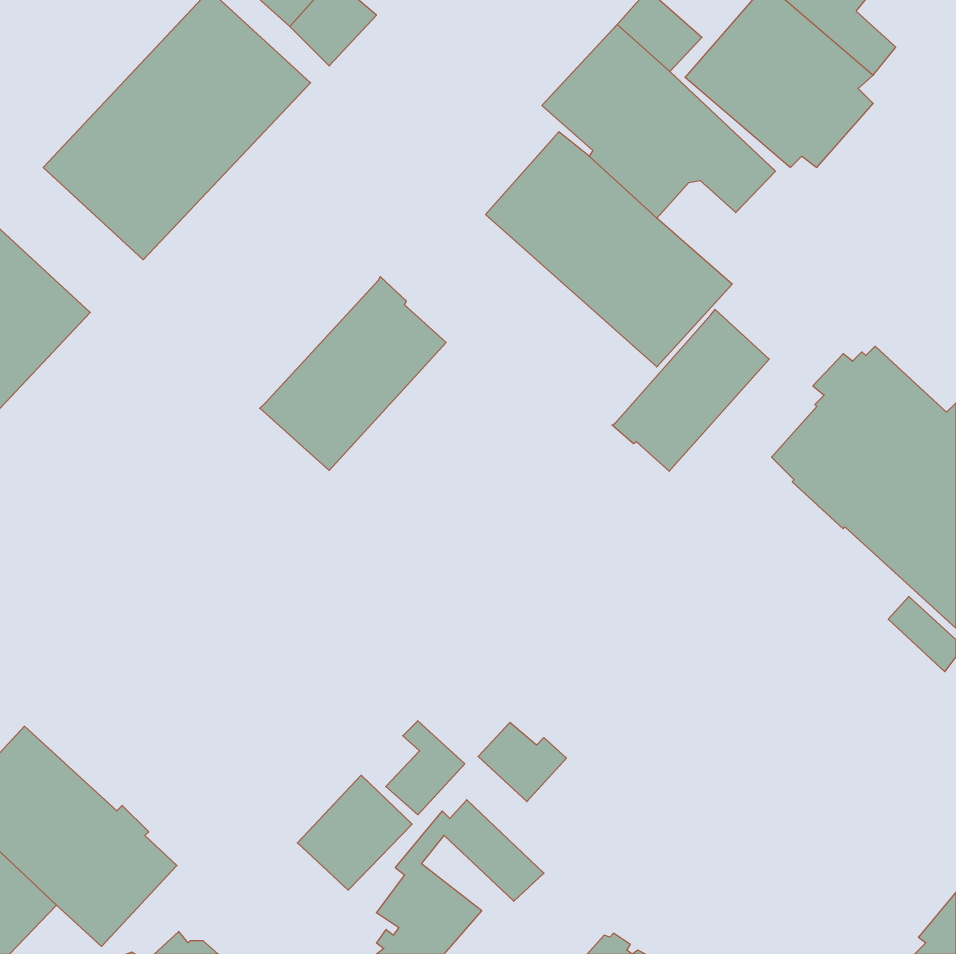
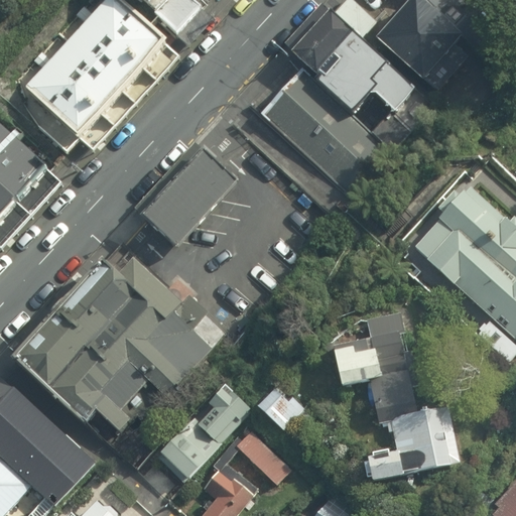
building: [612,309,769,471] -> none
building: none -> [11,258,227,431]
building: none -> [332,309,459,480]

